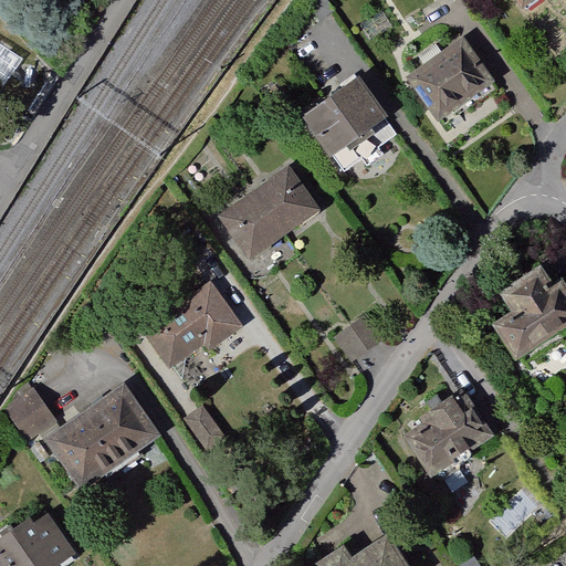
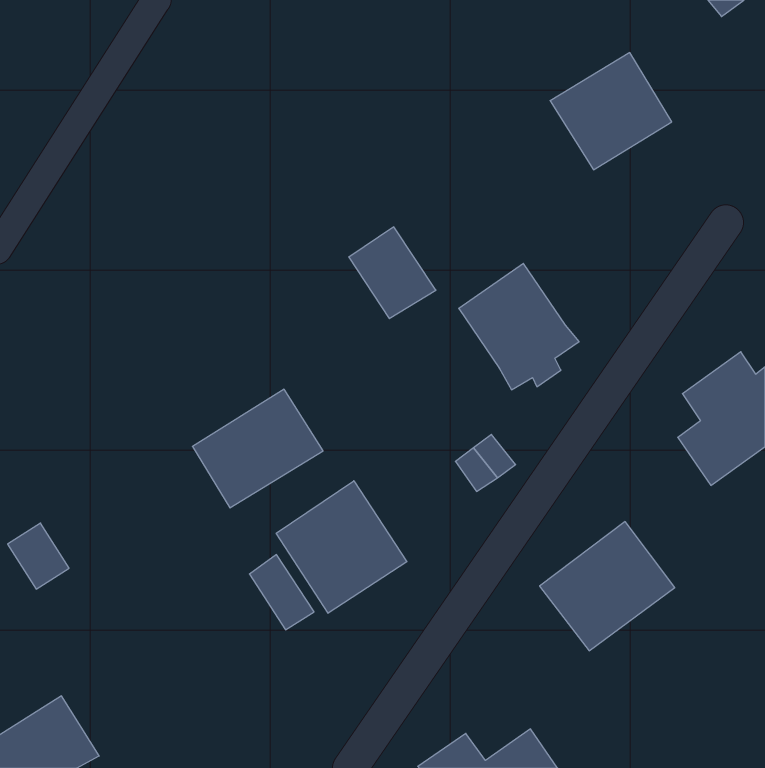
building: [306,80,395,172] -> [459,263,579,390]
building: [220,189,286,256] -> none
building: none -> [276,481,407,613]
building: [44,378,163,488] -> none

